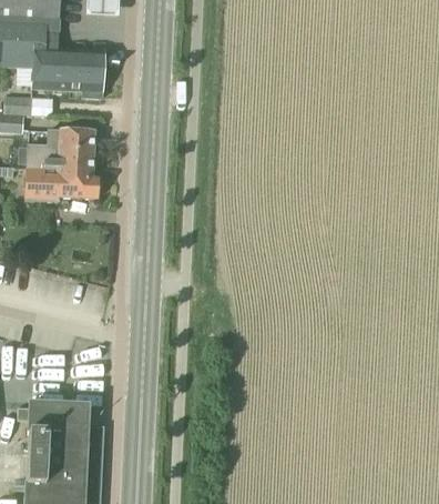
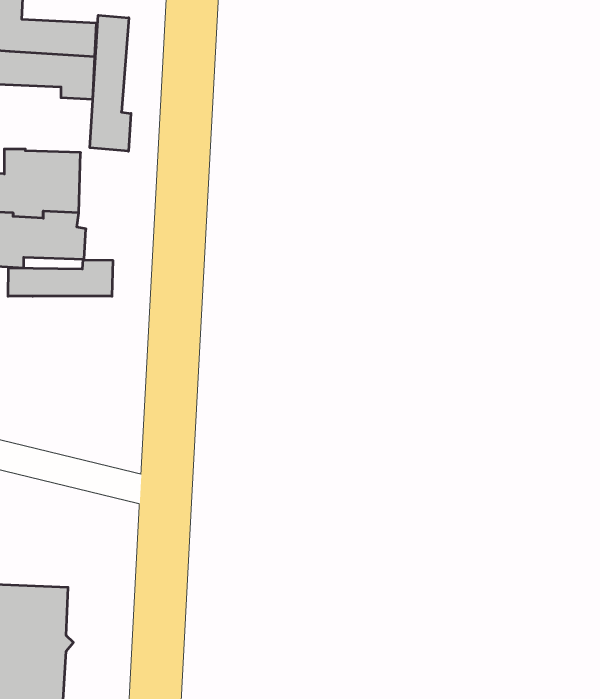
building: none -> [90,15,131,151]
building: none -> [8,260,113,296]

